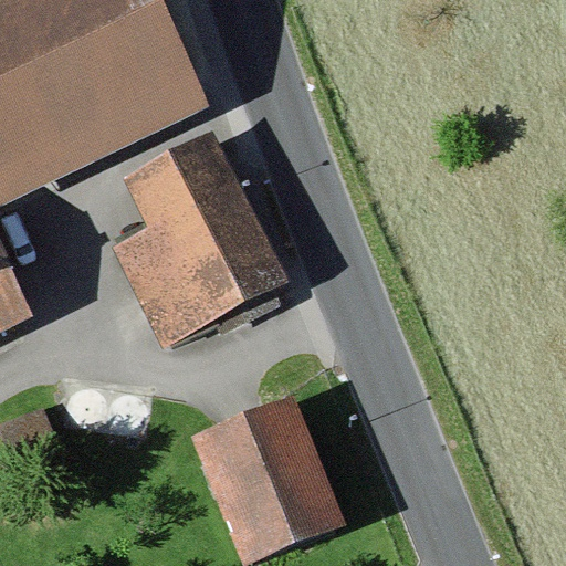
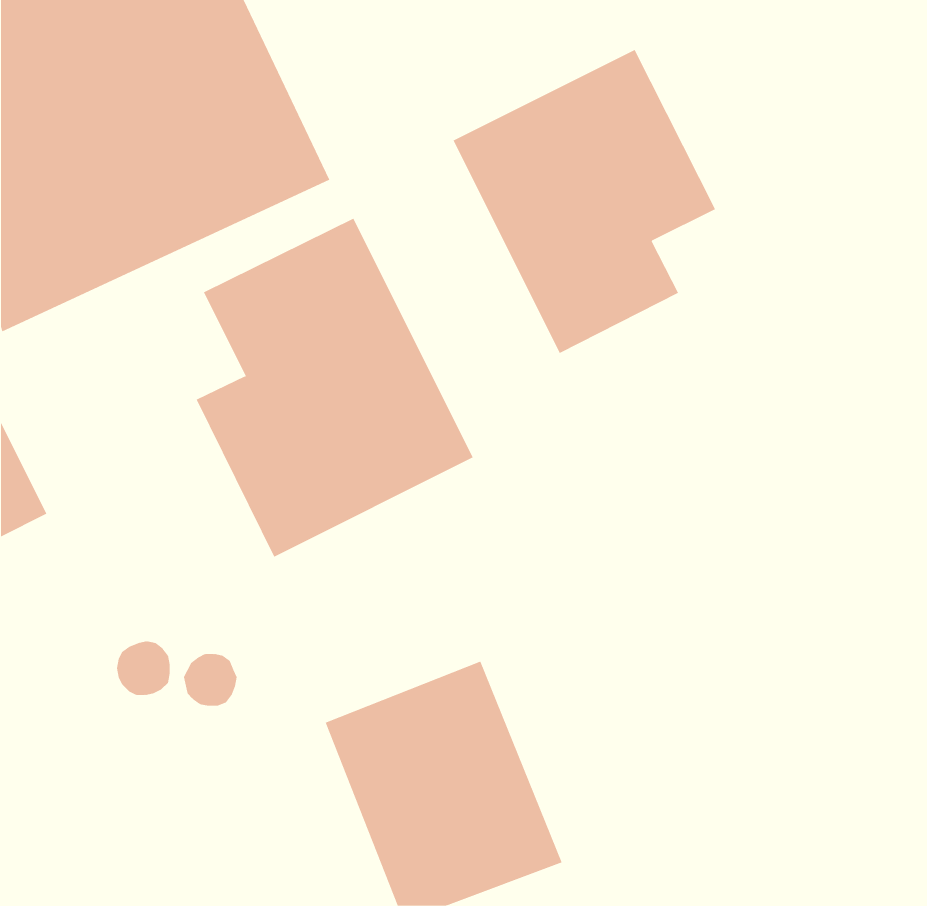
building: none -> [453,49,716,354]

